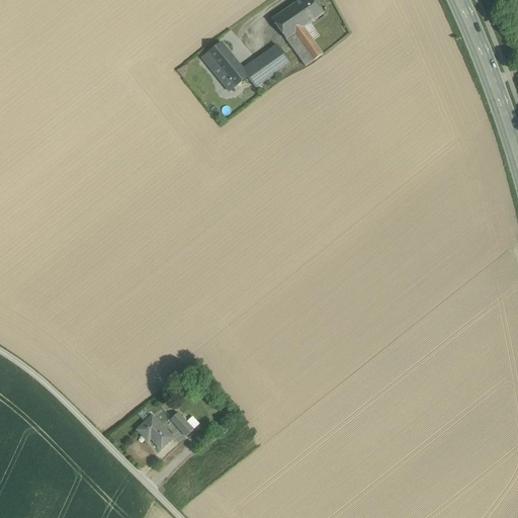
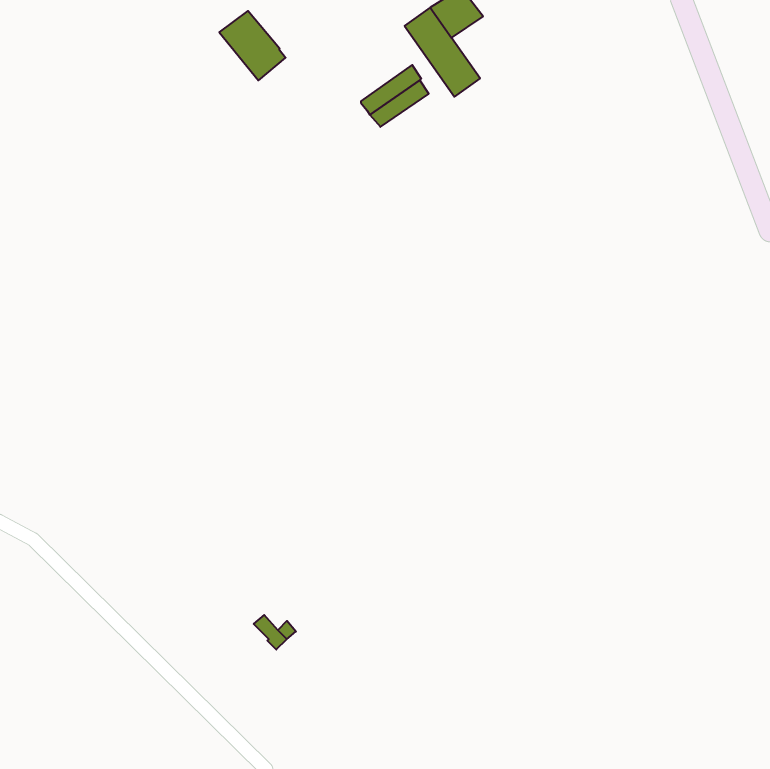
building: [201,42,246,89] -> [219,11,286,80]
building: [137,415,172,448] -> none

